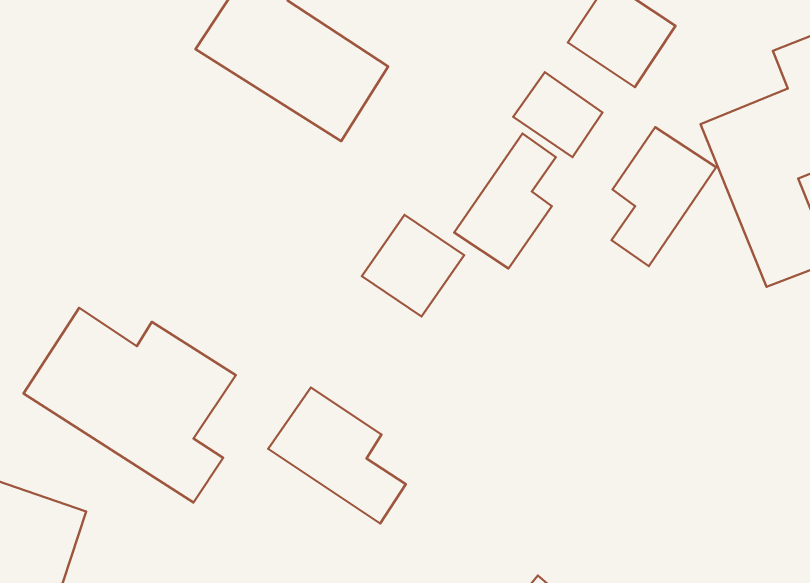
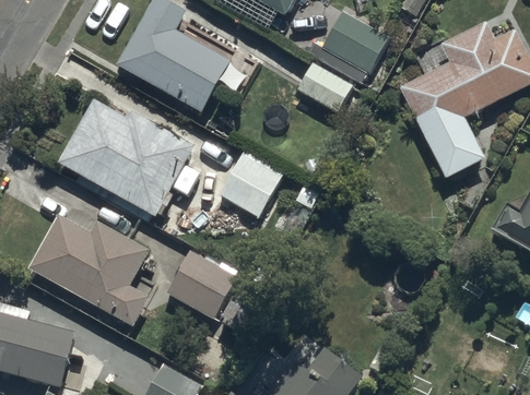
building: none -> [58,93,189,216]
building: [611,127,716,266] -> none
building: [454,134,556,269] -> none

